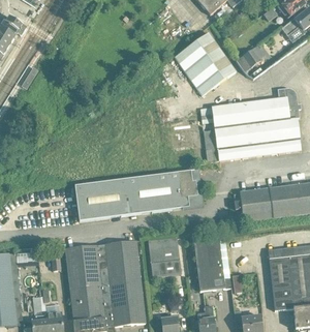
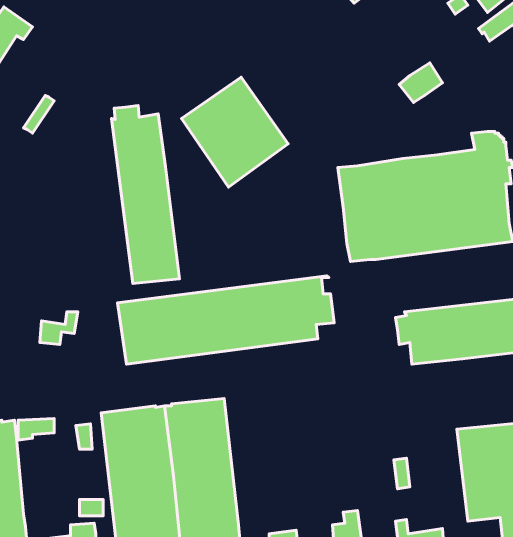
building: [175,32,236,95] -> [181,77,288,187]
building: none -> [112,106,180,283]
building: [148,236,181,277] -> none
building: [194,237,230,291] -> none

